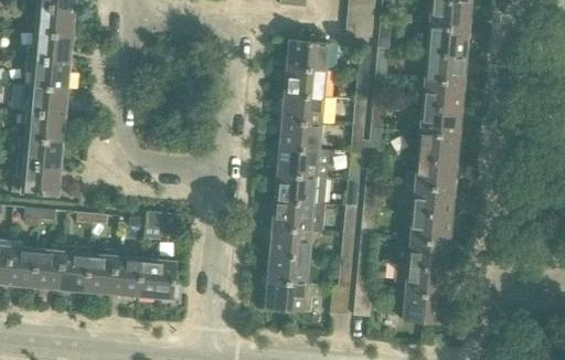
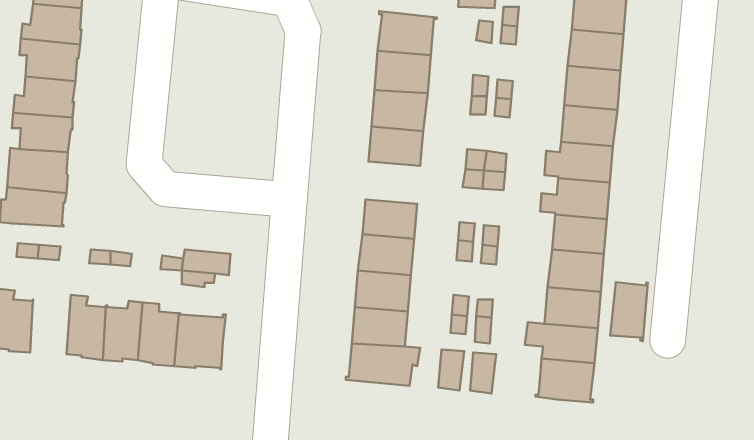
building: [278,148,318,179] -> none
building: none -> [610,282,648,341]
building: [34,244,64,288] -> none

